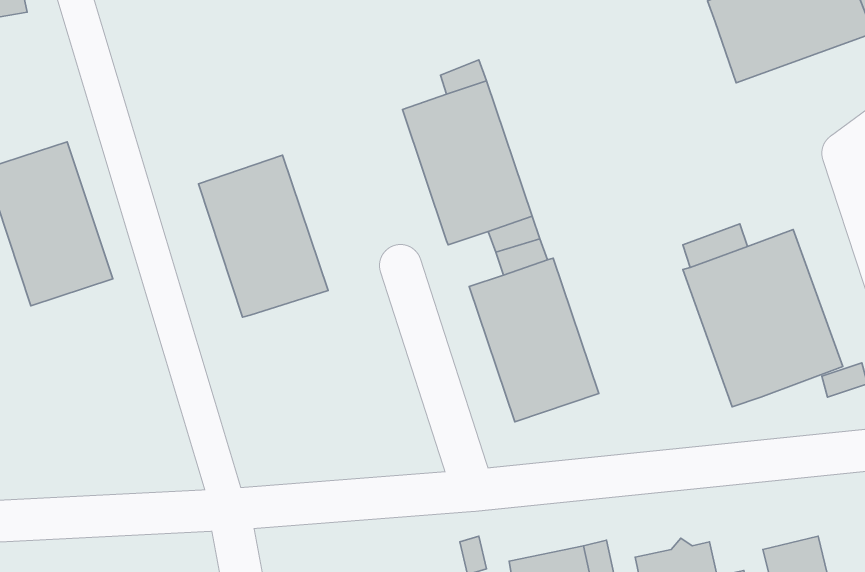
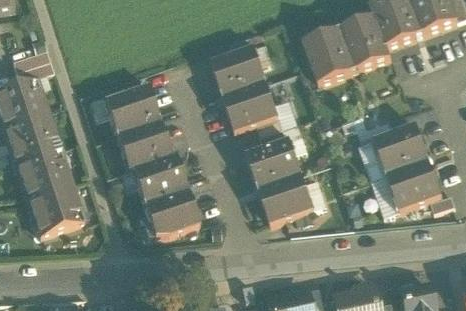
building: none -> [305,17,391,86]
building: none -> [14,52,54,85]
building: none -> [17,152,84,238]
building: none -> [132,156,200,239]

